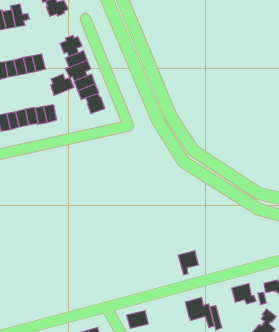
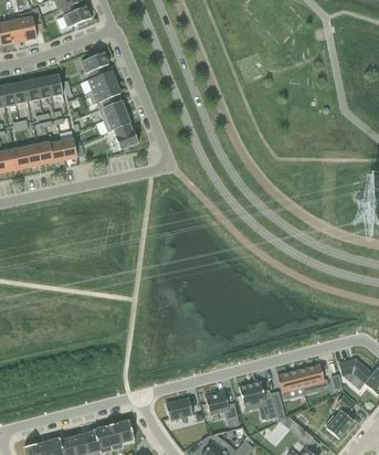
building: [51,74,74,95] -> none
building: [178,251,198,275] -> [277,370,303,400]
building: none -> [206,393,238,420]

